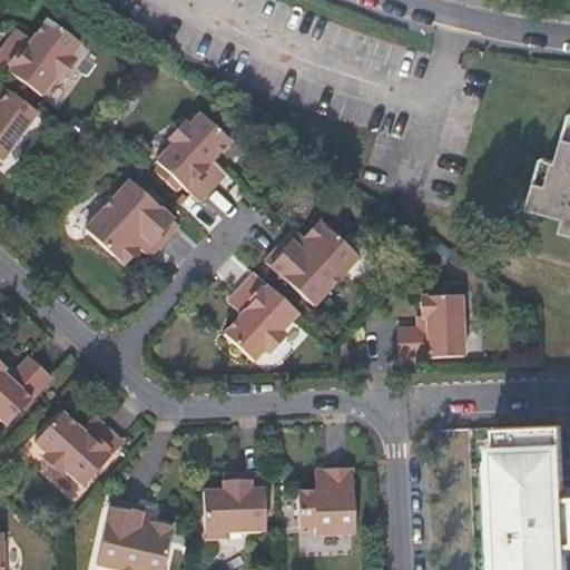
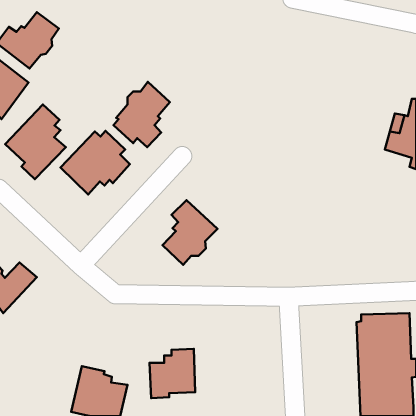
building: none -> [5,104,66,179]
building: [266,222,360,306] -> none
building: [399,295,464,357] -> none
building: [32,412,121,487] -> none
building: [297,472,353,540] -> none

